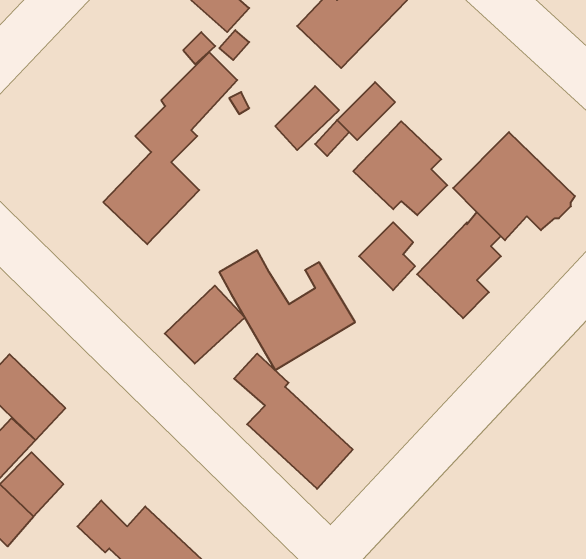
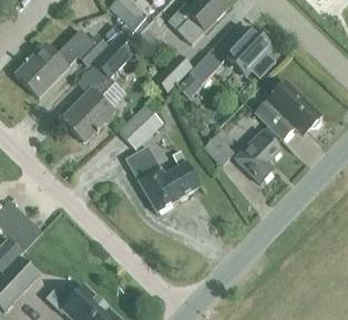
building: none -> [14,29,106,96]
building: [353,121,447,215] -> [223,27,275,79]
building: [165,286,245,364] -> [117,105,162,148]
building: [234,354,353,489] -> none

